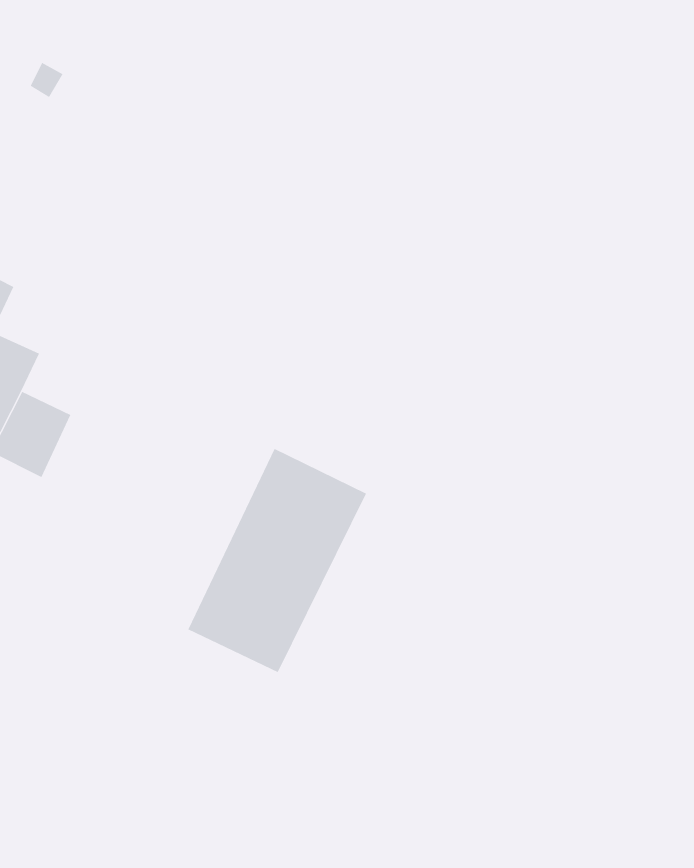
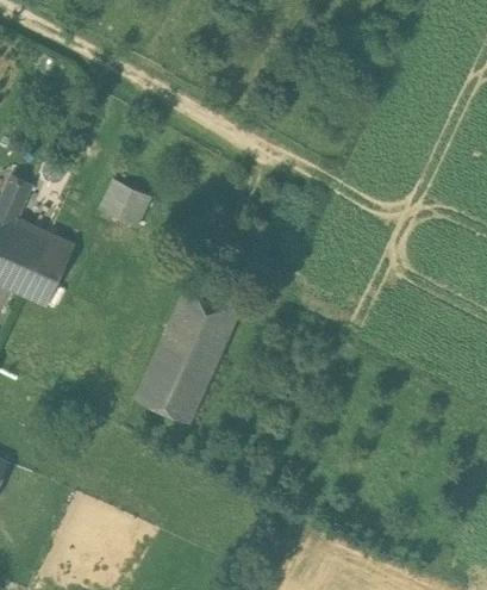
building: none -> [98,179,151,226]
building: none -> [33,230,74,267]

